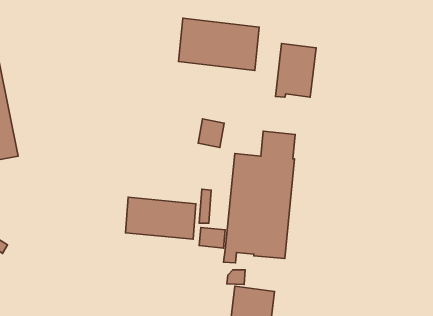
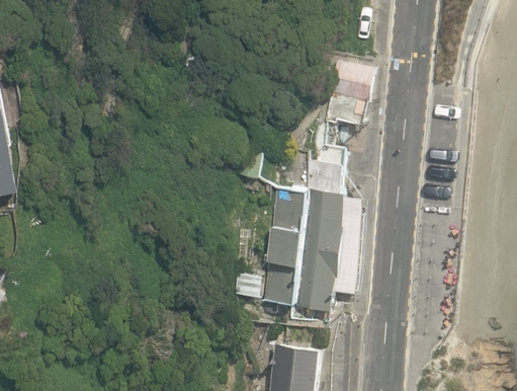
building: [178,18,259,70] -> none
building: [125,197,196,239] -> none

